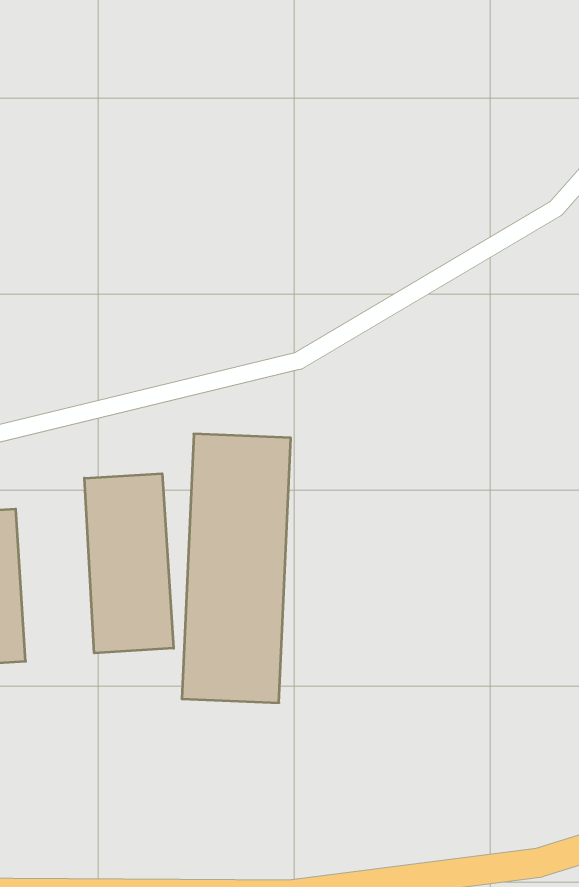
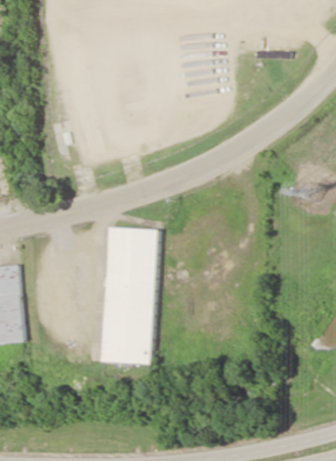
building: [84,474,174,653] -> none

